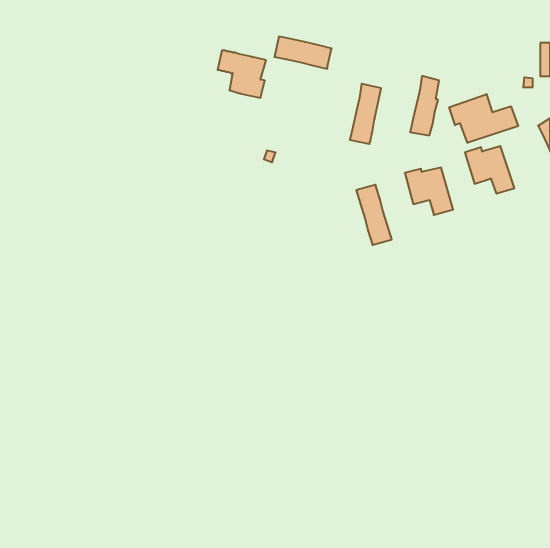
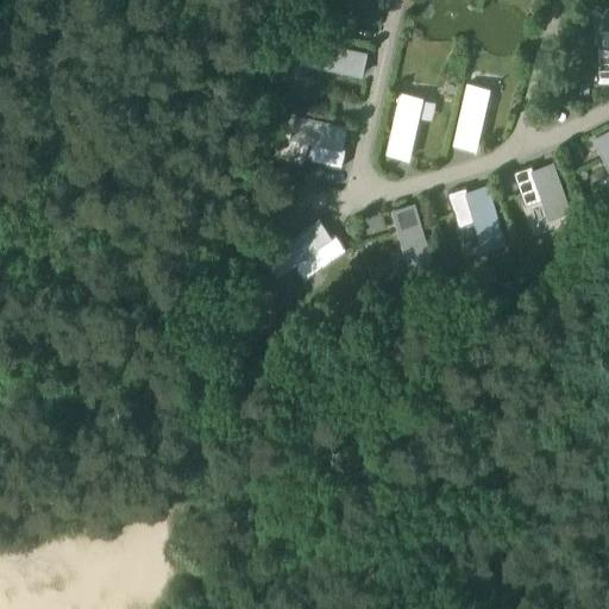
building: [218,51,266,98] -> [294,118,347,170]
building: [449,94,518,143] -> none
building: none -> [266,222,345,282]

